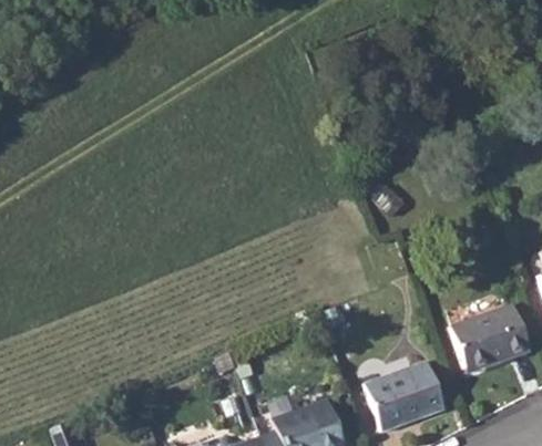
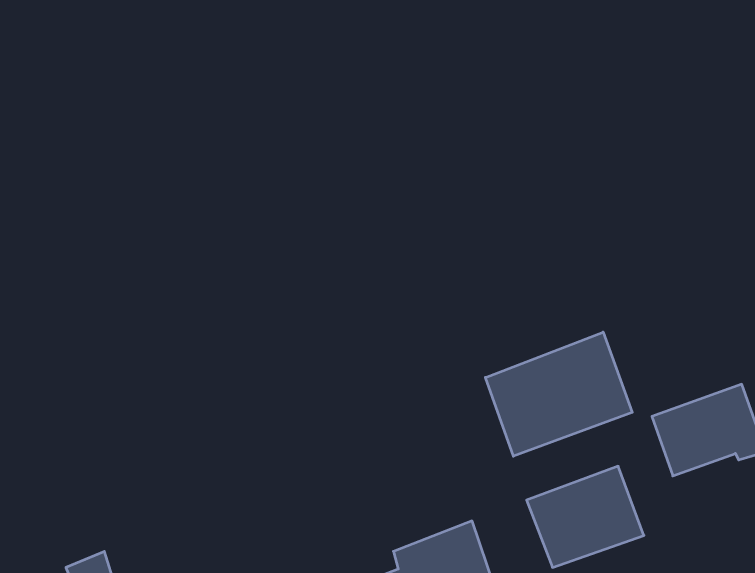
building: none -> [485,332,632,456]

